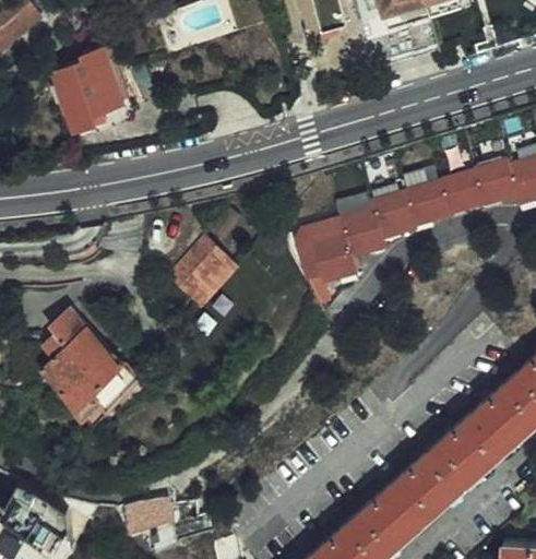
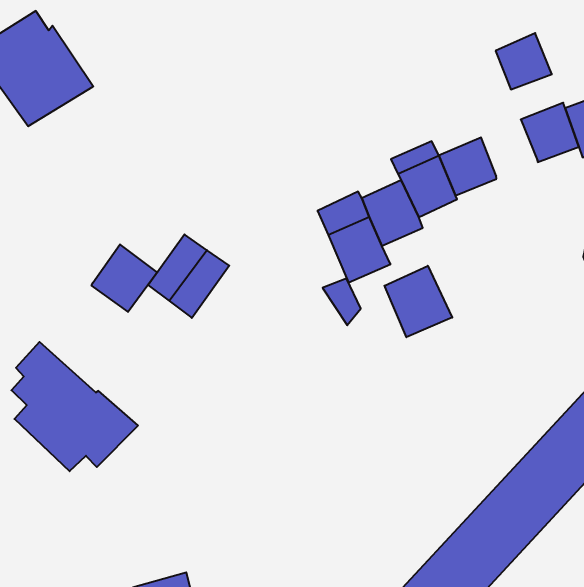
building: [439,169,481,212] -> [496,33,552,89]
building: none -> [92,244,157,312]
building: none -> [384,266,452,337]

